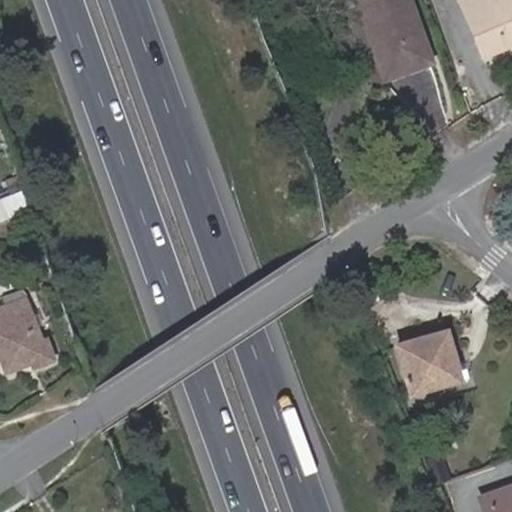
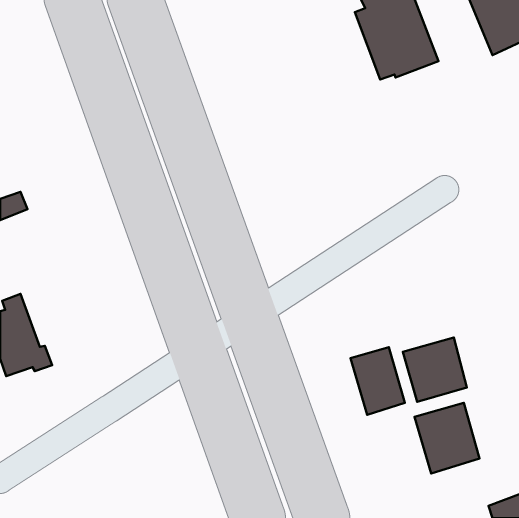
building: none -> [351,347,405,415]
building: none -> [415,403,480,474]

